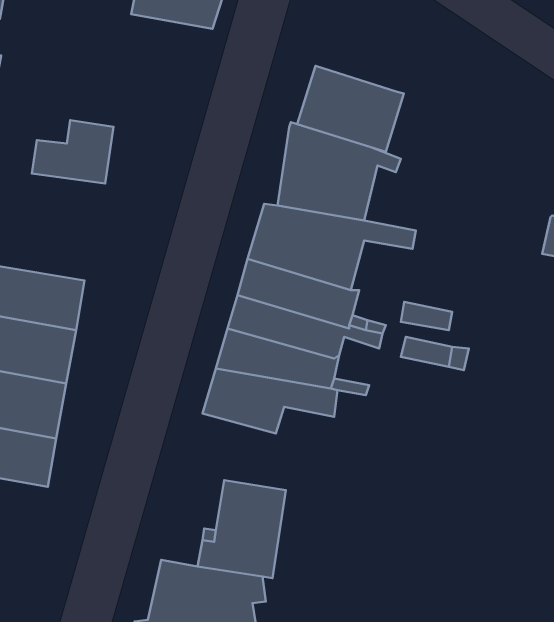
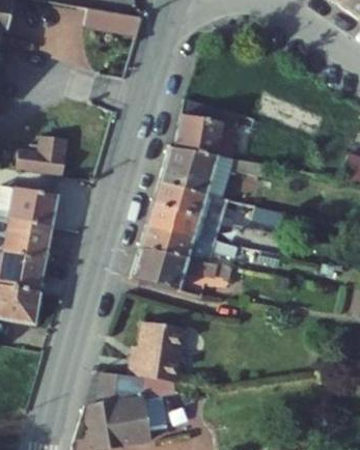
building: [297,66,404,152] -> none
building: [32,120,113,183] -> [19,138,70,177]

